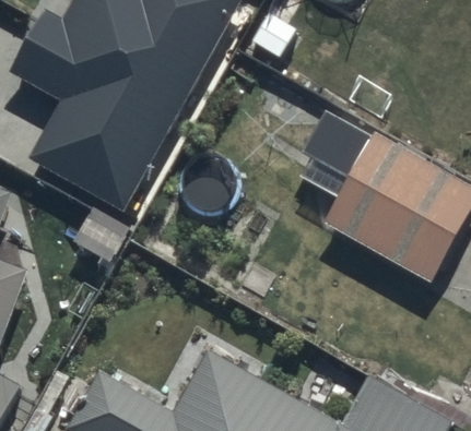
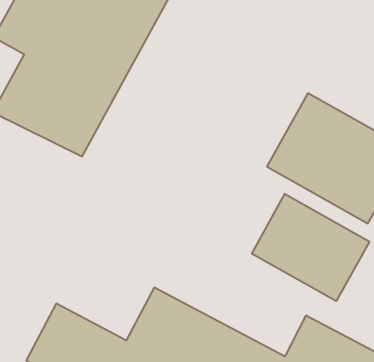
building: none -> [252,194,369,301]

